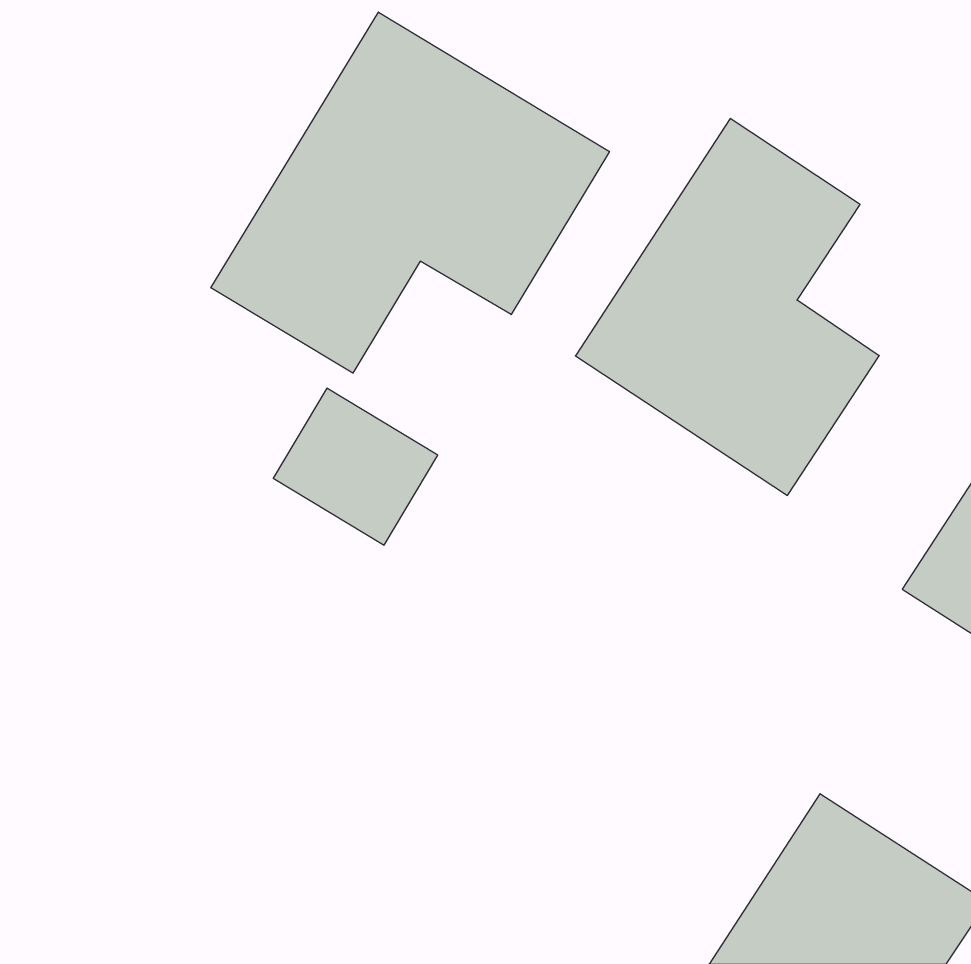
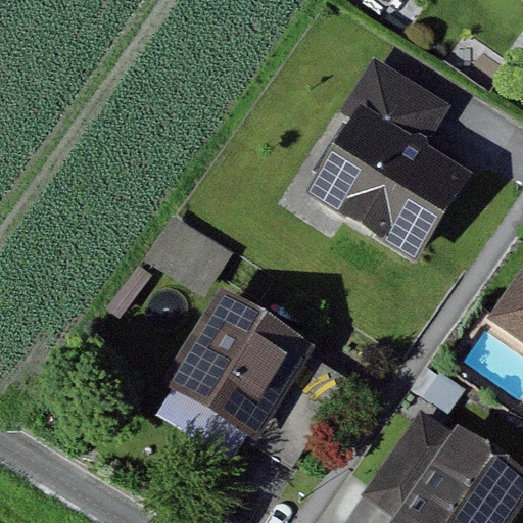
building: [211,12,609,373] -> none
building: none -> [151,292,301,441]

